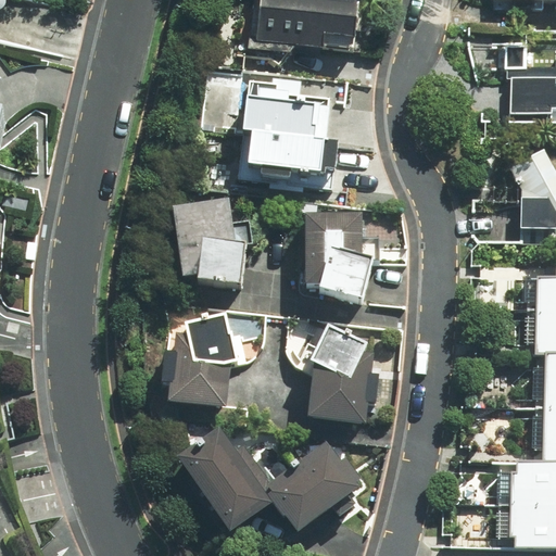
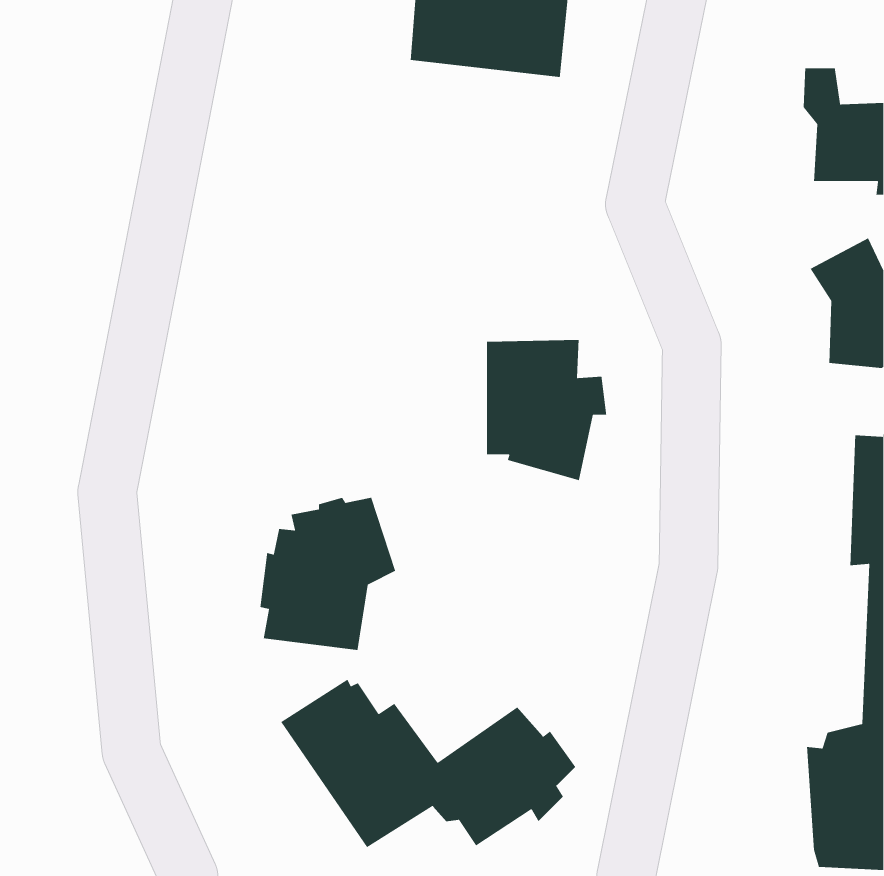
building: [243,74,340,179] -> none
building: [173,199,254,285] -> none
building: [307,325,375,424] -> none

